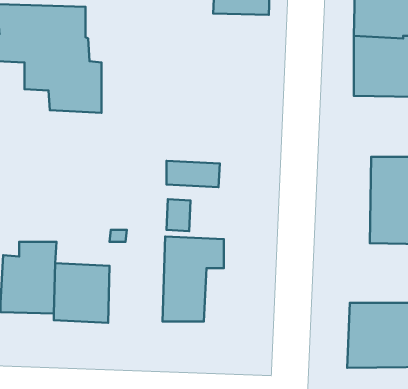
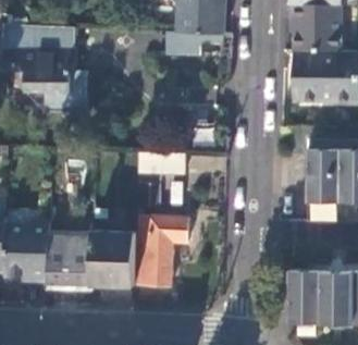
building: none -> [166,30,223,54]
building: none -> [91,230,136,286]

